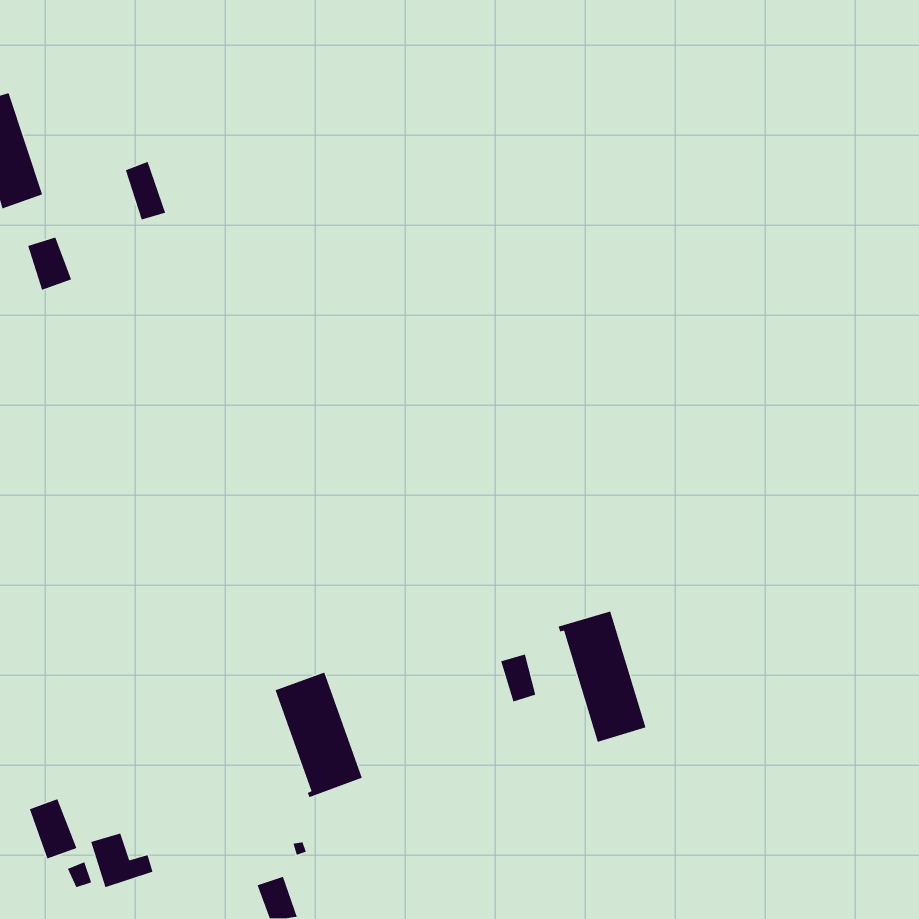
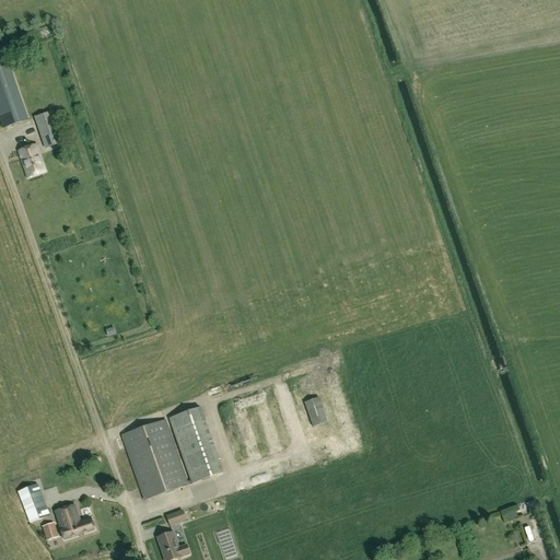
building: [125,161,166,220] -> [34,110,59,147]
building: [558,611,646,743] -> none
building: none -> [120,418,187,499]

